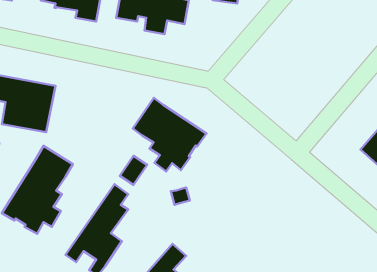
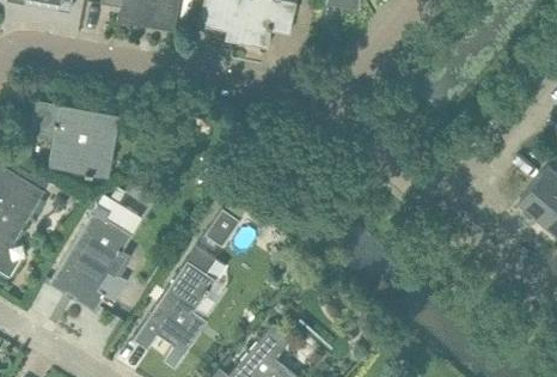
building: [133,98,207,171] -> none

